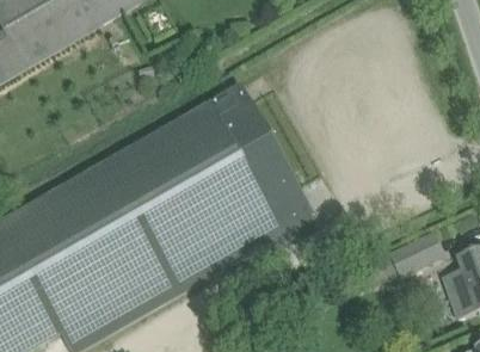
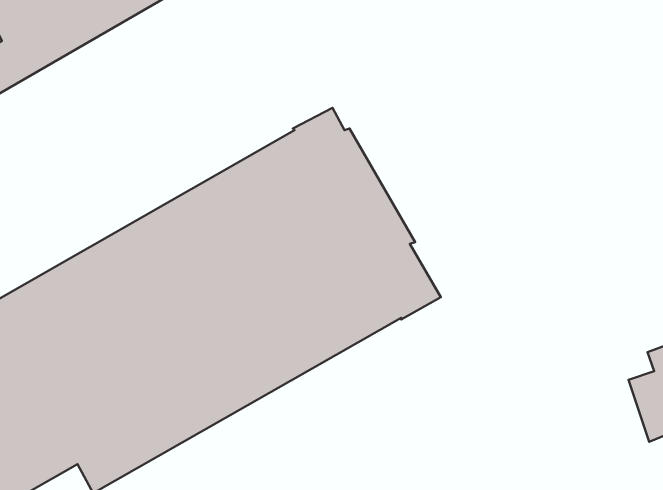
building: [369,233,442,280] -> none

